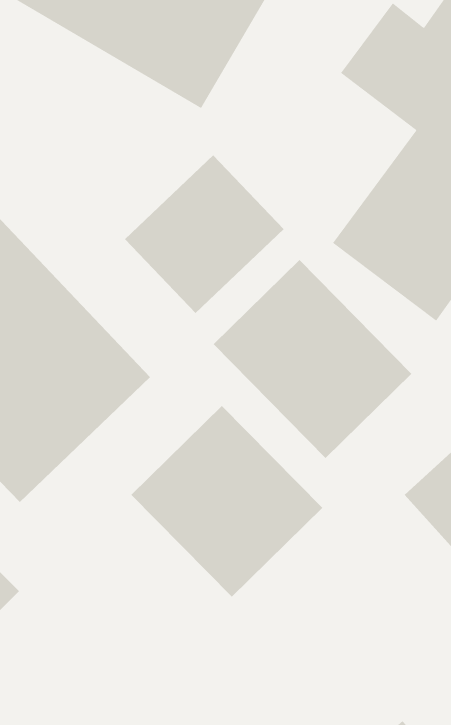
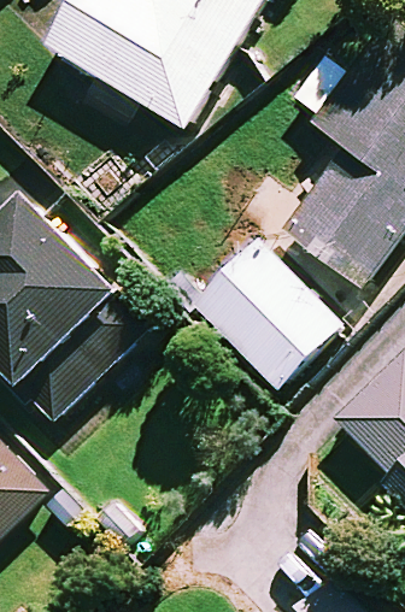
building: [124,155,284,314] -> none
building: [131,405,323,598] -> none

